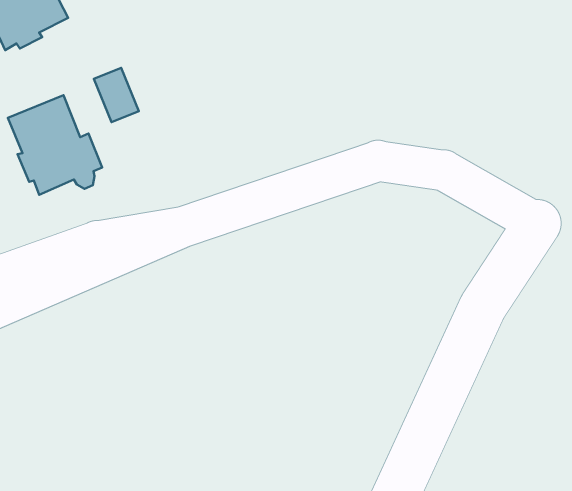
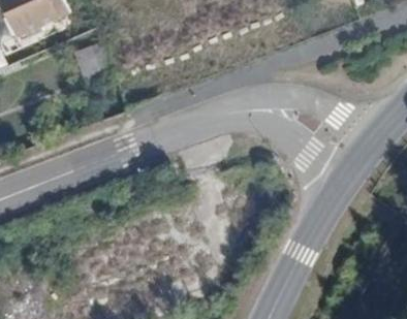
building: [8,95,102,195] -> none

